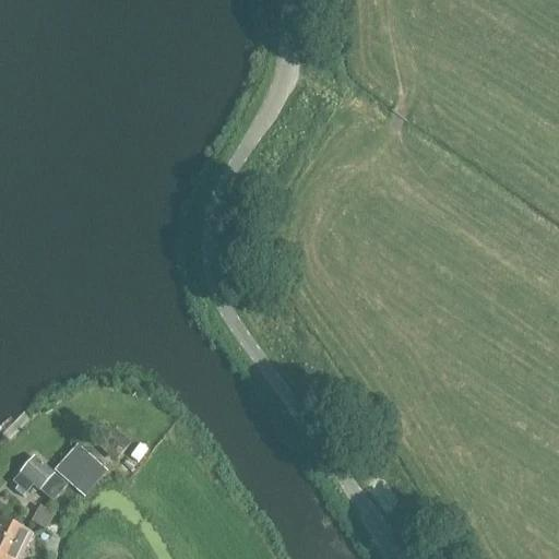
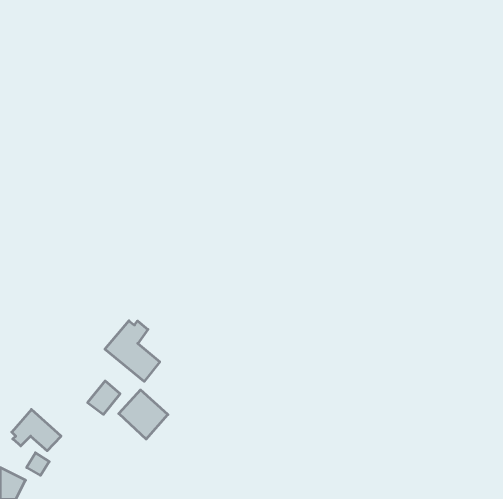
building: none -> [105,321,160,381]
building: [53,441,108,496] -> [119,390,168,439]

